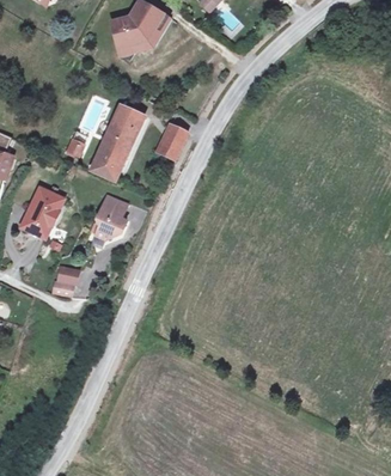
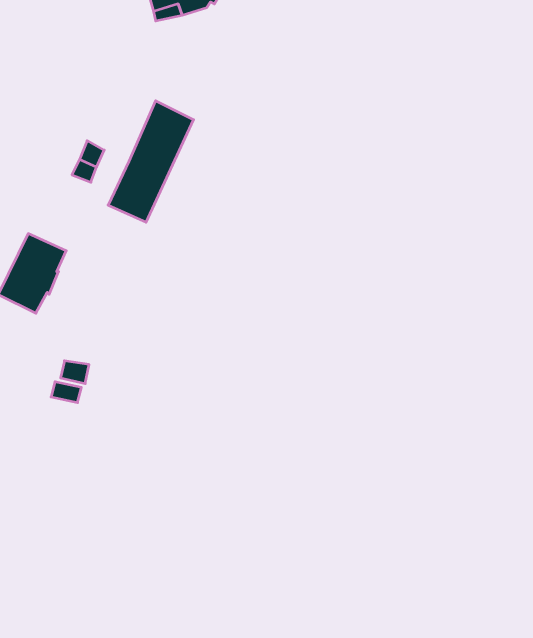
building: [158,123,188,159] -> none
building: [94,195,127,239] -> none

